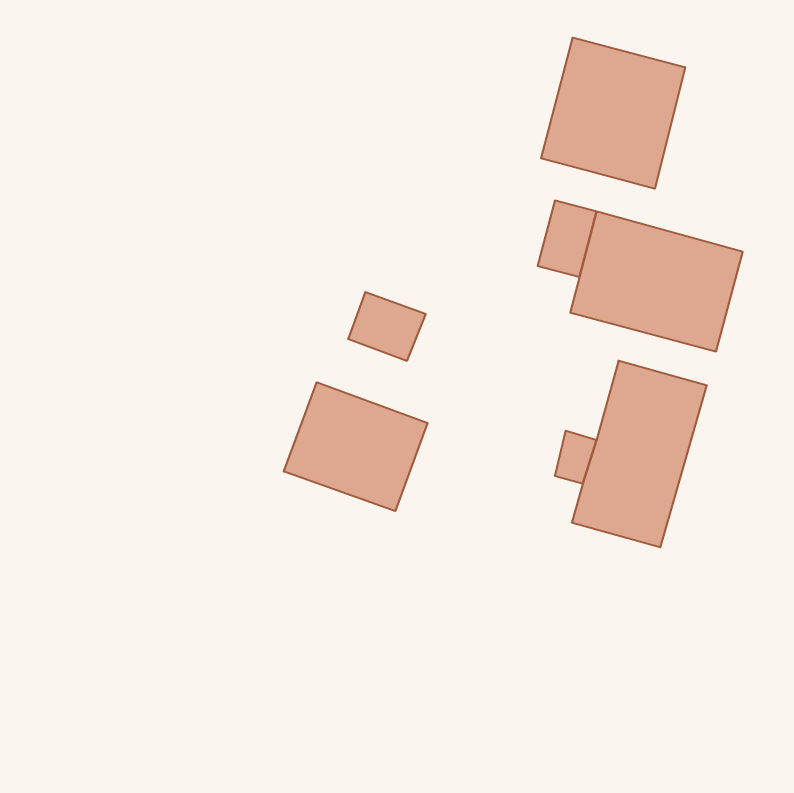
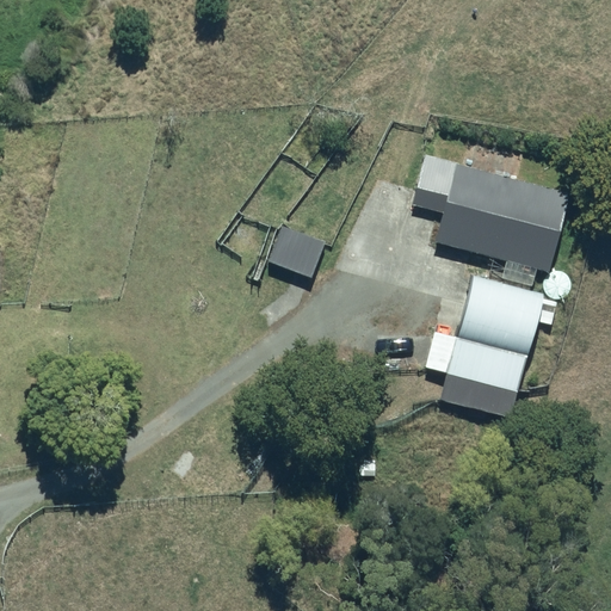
building: [541,38,685,189] -> none
building: [284,382,428,511] -> none

